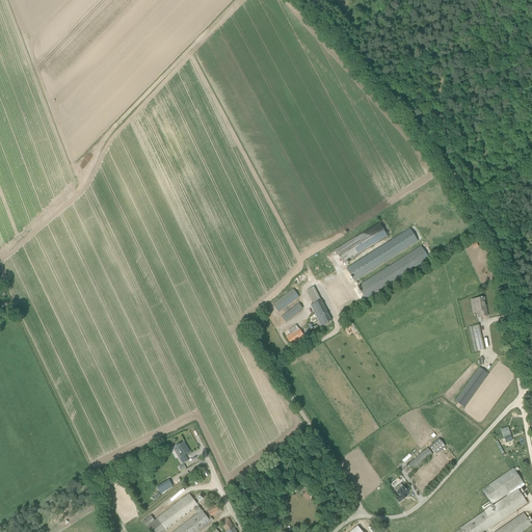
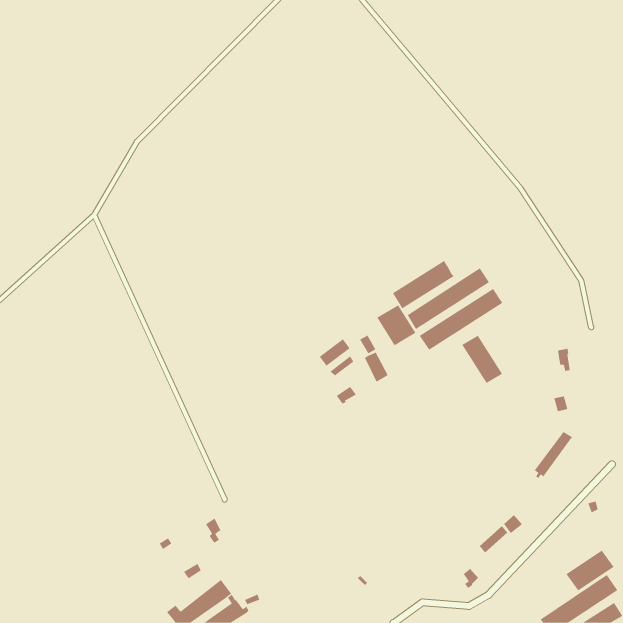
building: none -> [377,304,416,346]
building: none -> [461,335,503,384]

